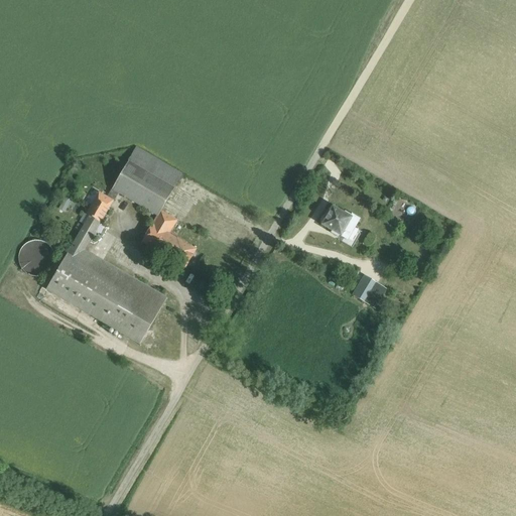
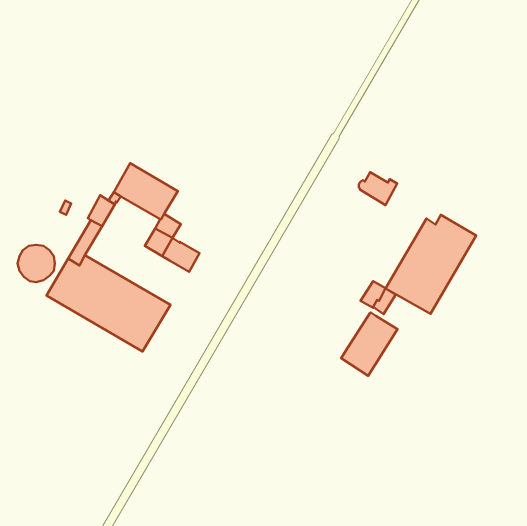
building: [127,143,182,186] -> none
building: [320,206,358,238] -> [359,172,397,205]
building: none -> [386,215,476,314]
building: none -> [341,313,398,376]

